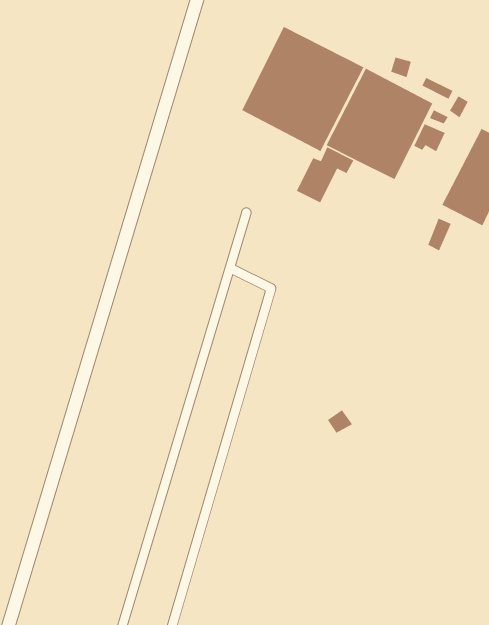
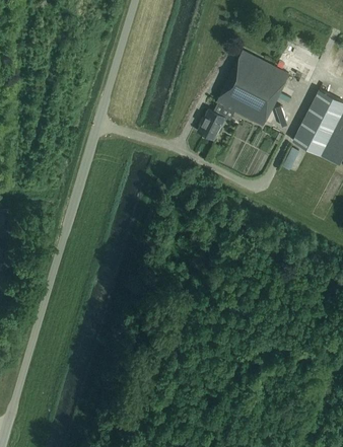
building: [241,26,365,152] -> none

